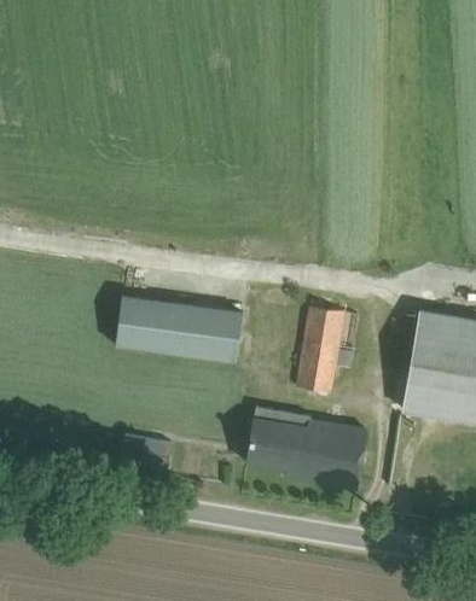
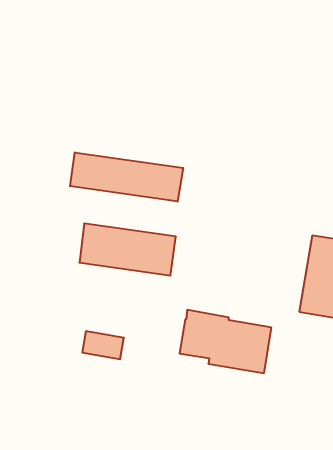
building: none -> [70,152,183,202]
building: [295,307,344,395] -> none

